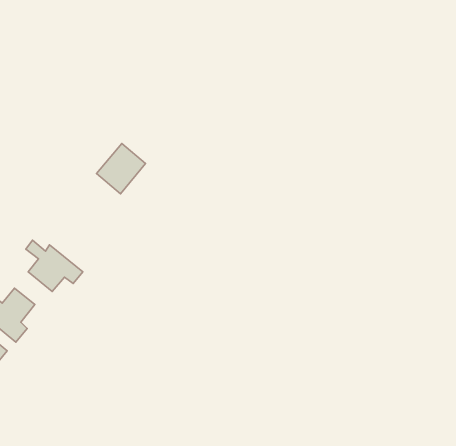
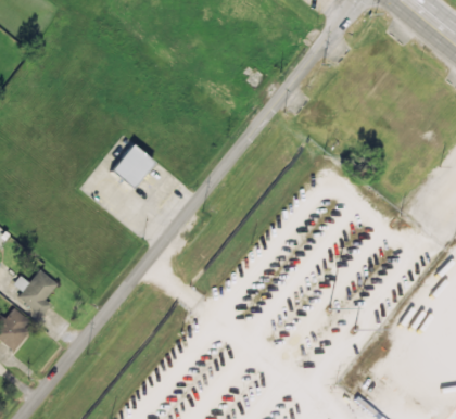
building: [26,240,83,292] -> none

